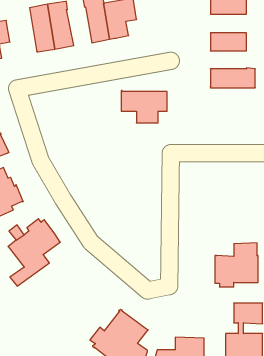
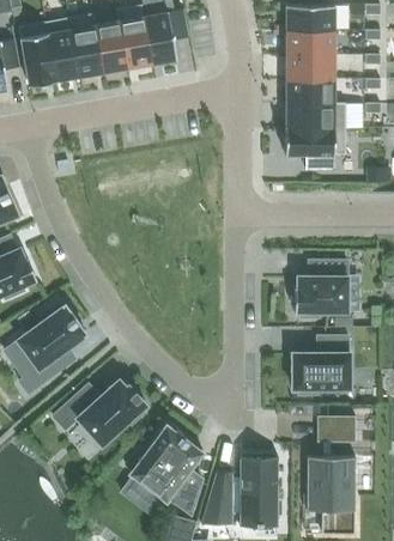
building: none -> [93,20,127,72]
building: none -> [18,22,55,86]
building: none -> [285,30,333,55]
building: none -> [285,79,333,103]
building: [121,91,167,123] -> [284,127,345,170]
building: none -> [293,260,346,317]
building: none -> [51,378,146,444]

